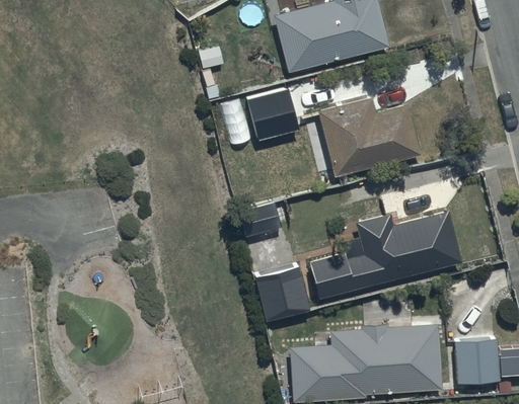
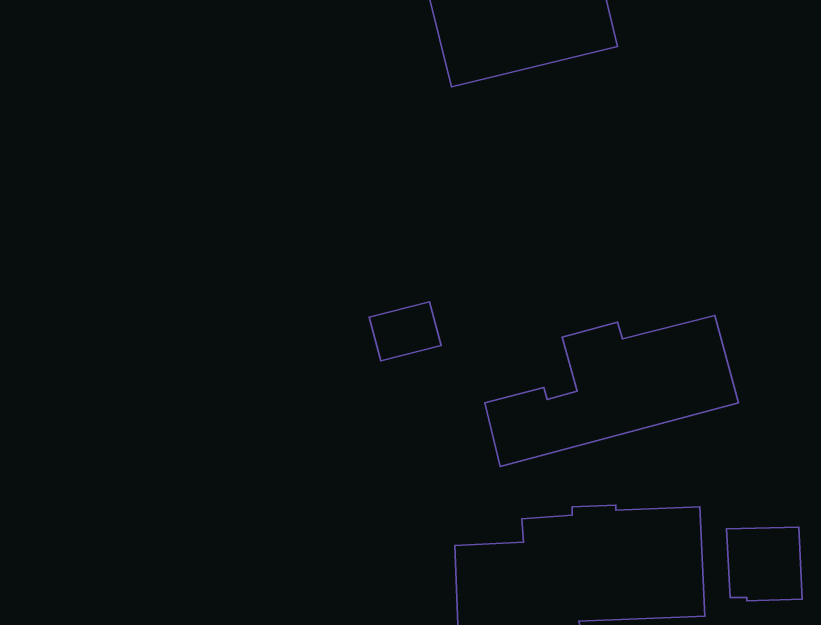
building: [249,89,298,140] -> none
building: [305,97,422,177] -> none
building: [254,263,309,317] -> none

